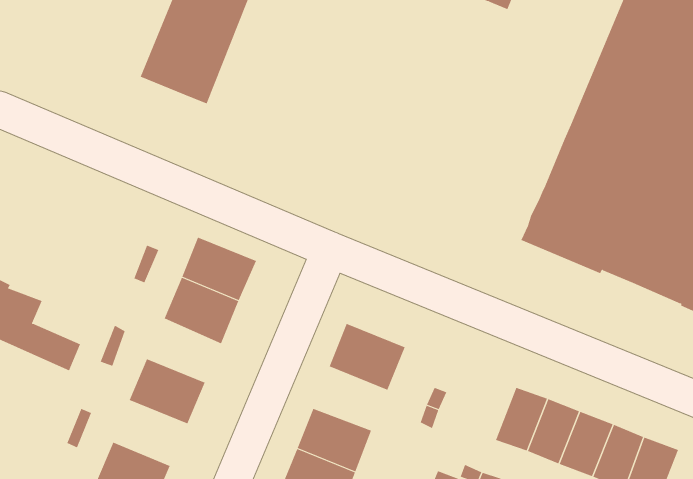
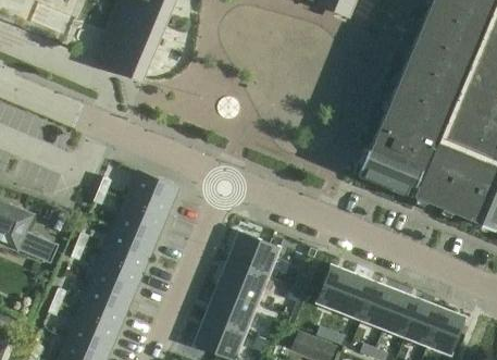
building: none -> [102,227,153,271]
building: none -> [215,260,266,303]
building: none -> [316,264,353,310]
building: none -> [79,283,131,327]

